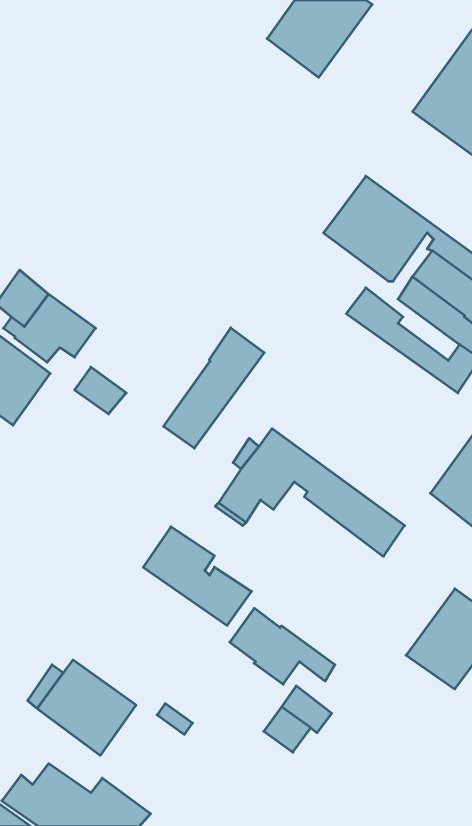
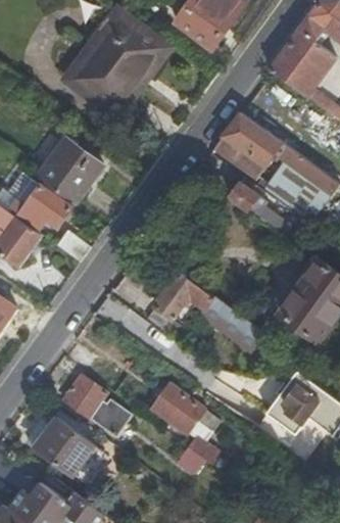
building: none -> [67,14,166,117]
building: none -> [36,139,101,204]
building: [164,328,264,448] -> none
building: [143,527,252,625] -> [62,374,131,436]

